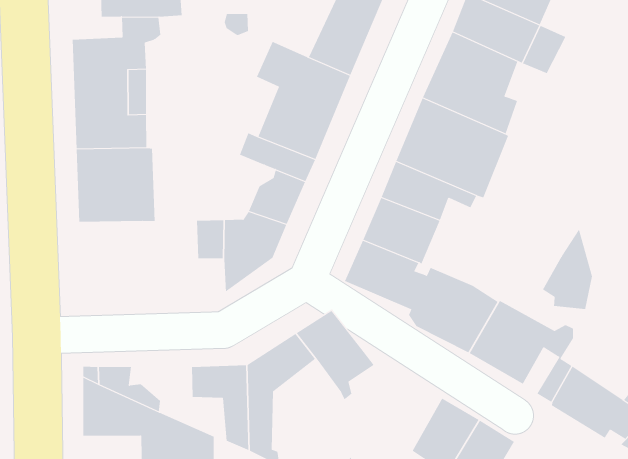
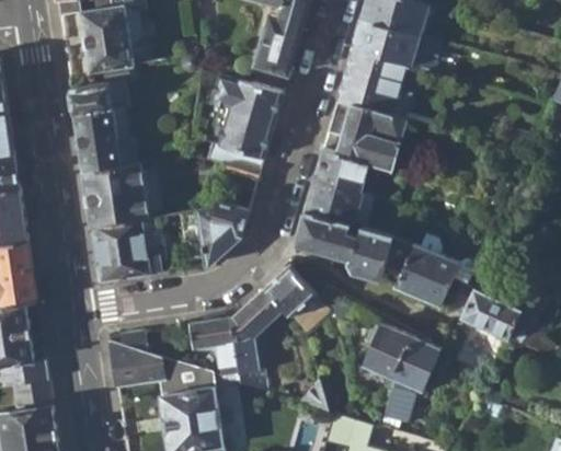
building: none -> [90,219,160,281]
building: [542,228,593,310] -> none

